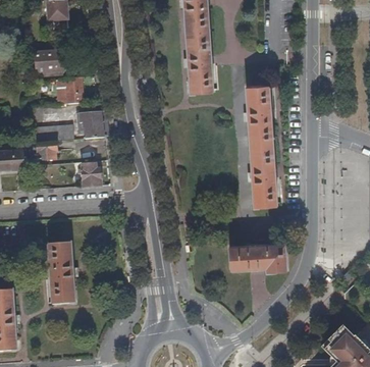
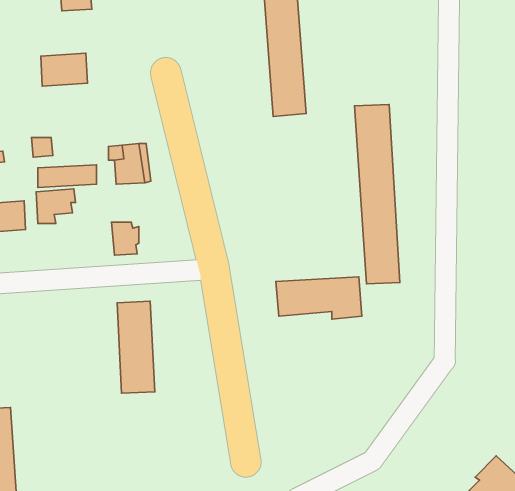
building: [62,76,83,103] -> none
building: [49,242,74,304] -> [117,301,155,393]
building: [228,243,286,271] -> [276,277,362,319]

